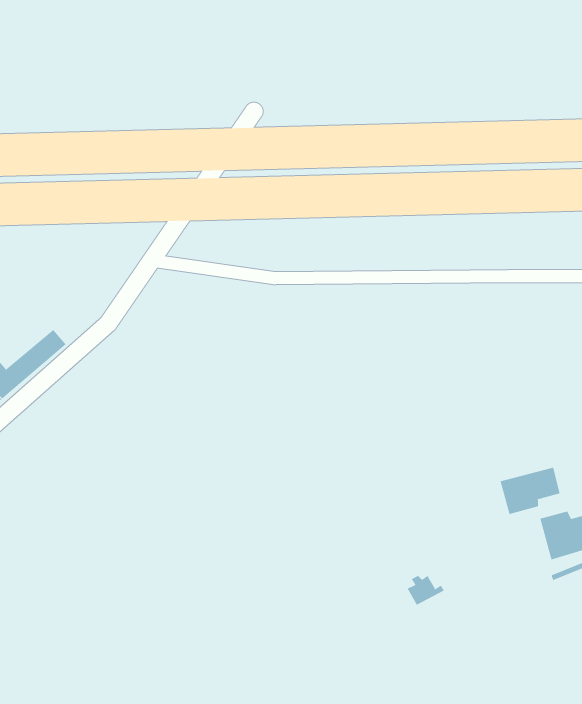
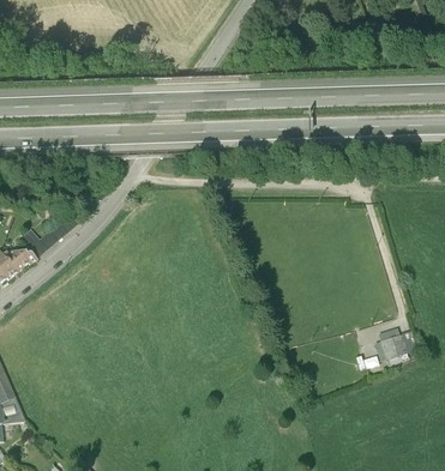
building: [500,467,560,515] -> none

